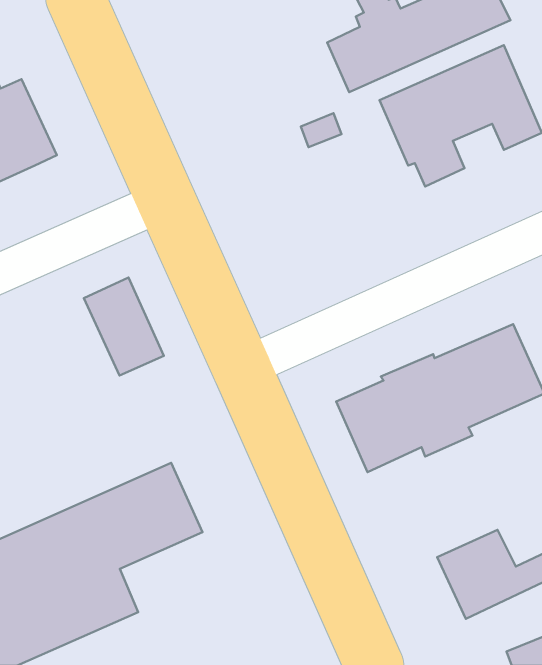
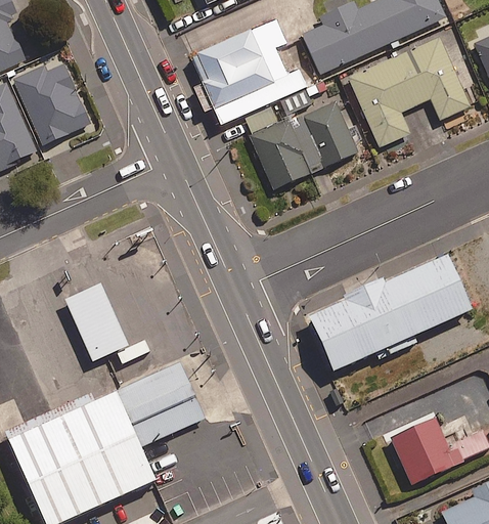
building: none -> [194,18,305,124]
building: none -> [246,101,356,188]
building: [84,277,164,376] -> [64,283,127,360]

